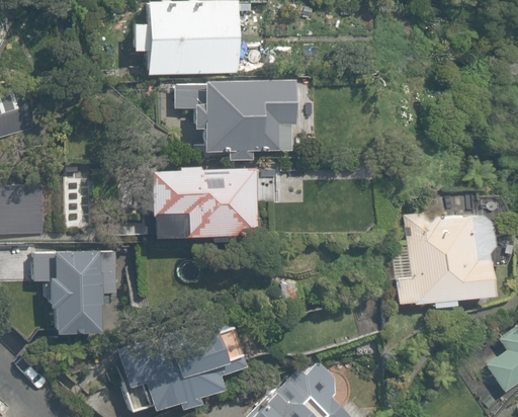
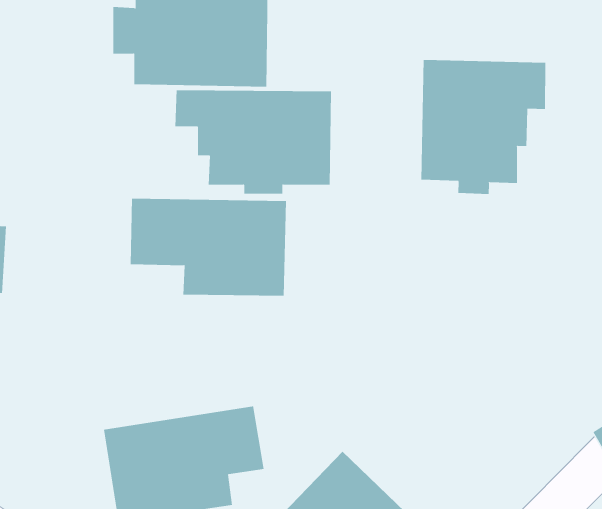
building: none -> [421,59,546,195]
building: [405,198,492,306] -> none
building: [48,243,112,335] -> none

